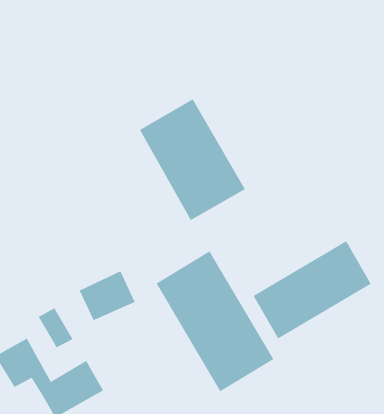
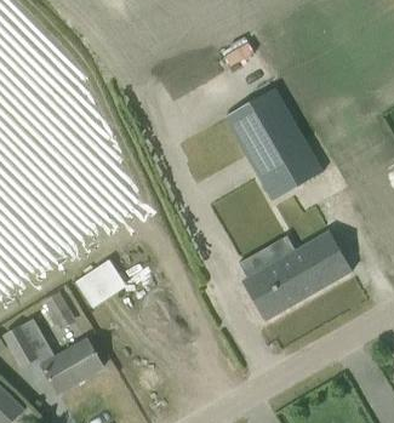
building: [139,98,246,221] -> [224,87,322,200]
building: [156,251,274,392] -> none

